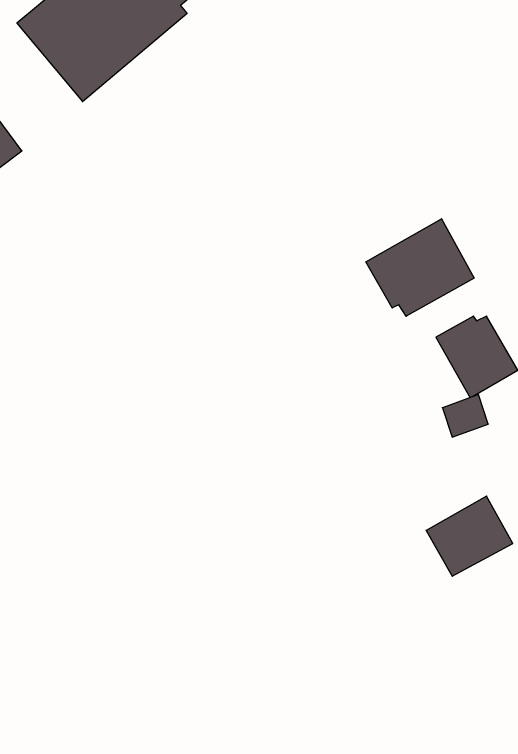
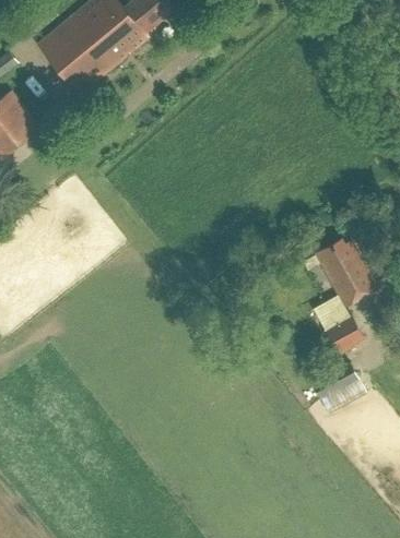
building: [366,219,474,316] -> none
building: none -> [322,313,364,354]

